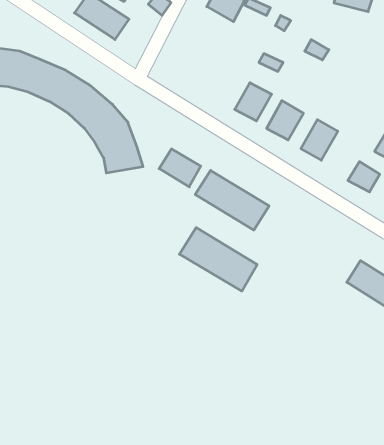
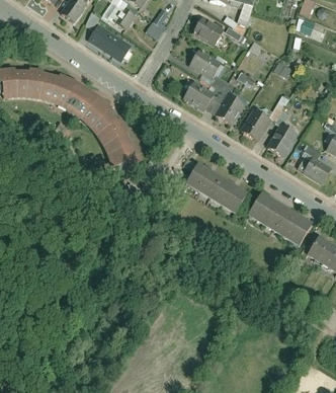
building: none -> [190,49,222,77]
building: none -> [184,80,215,109]
building: [159,149,201,187] -> none
building: [179,228,257,291] -> [245,195,307,246]

